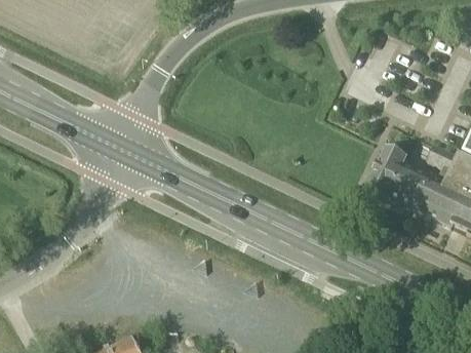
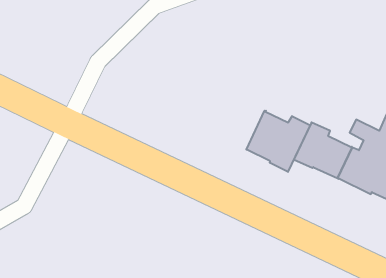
building: none -> [246,111,310,172]

